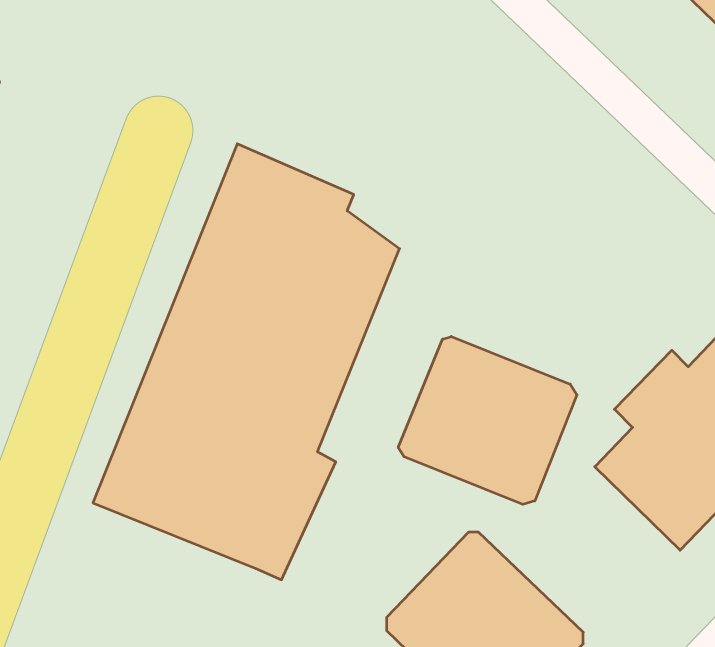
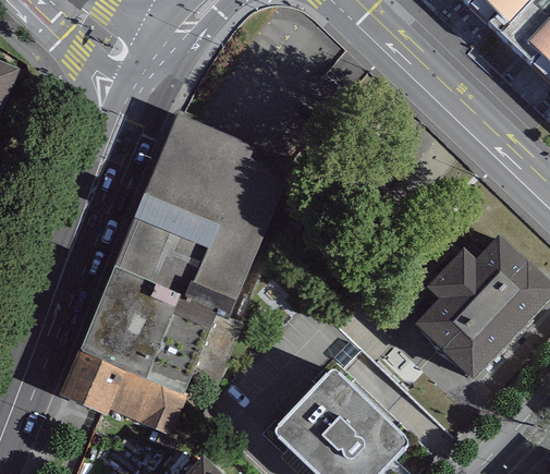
building: [398,336,577,504] -> none
building: none -> [59,350,188,434]

